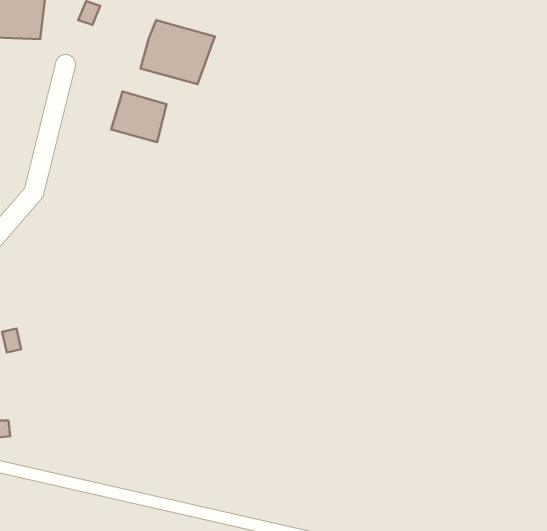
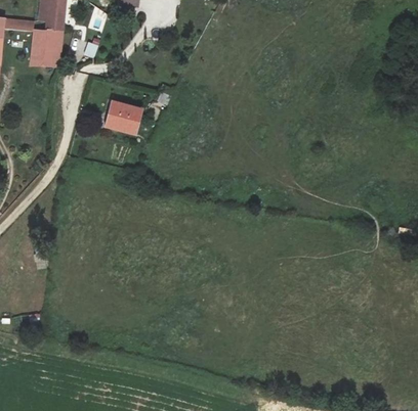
building: [140,20,215,84] -> none

